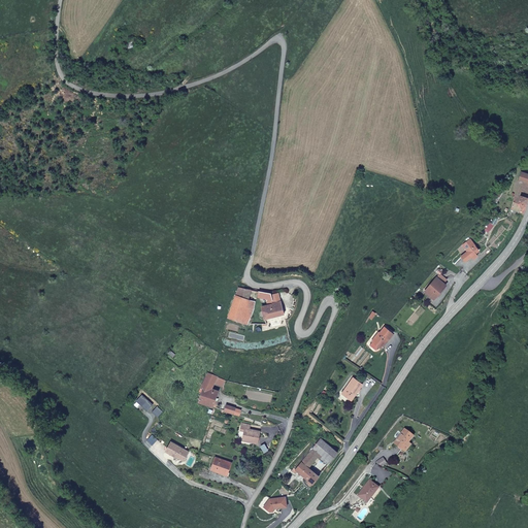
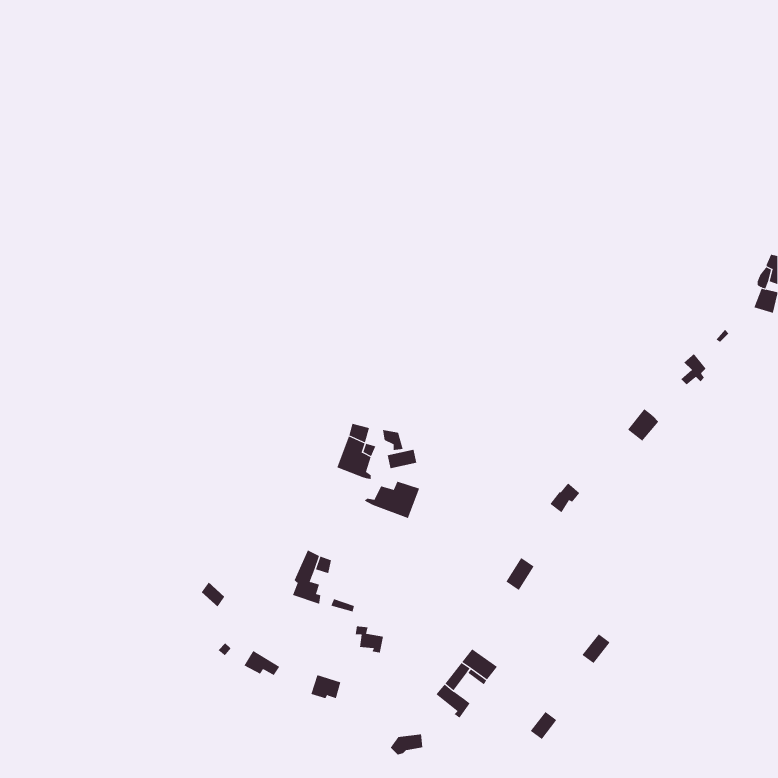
building: none -> [364,481,420,519]

